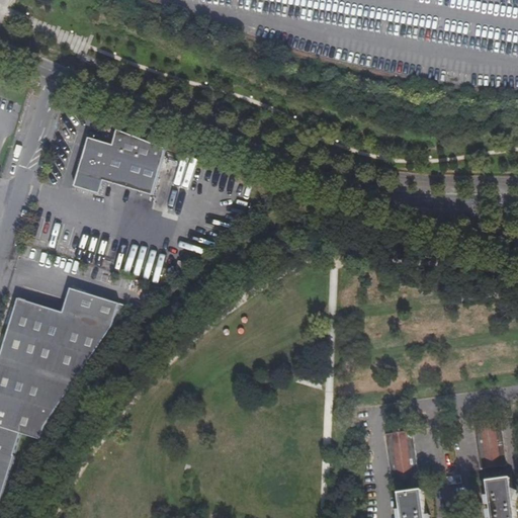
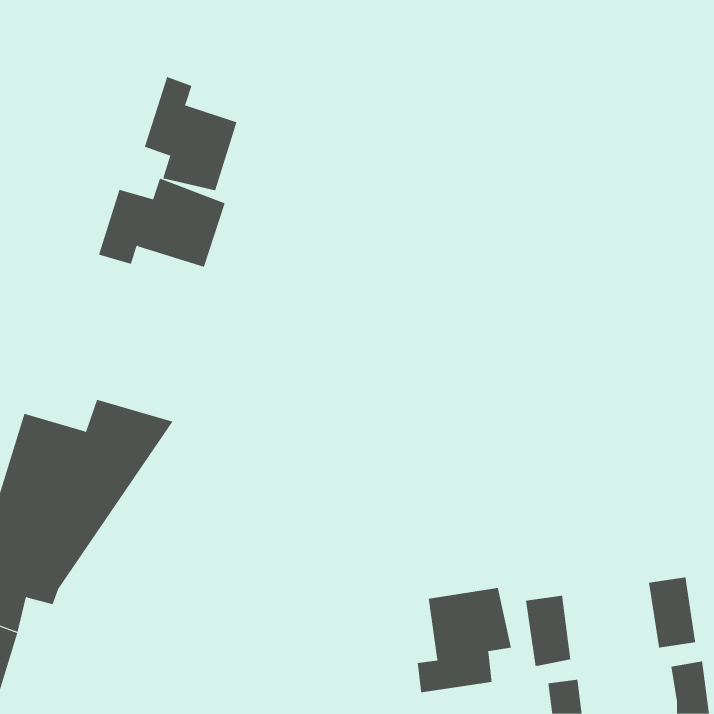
building: none -> [144,76,237,191]
building: none -> [417,587,512,693]

